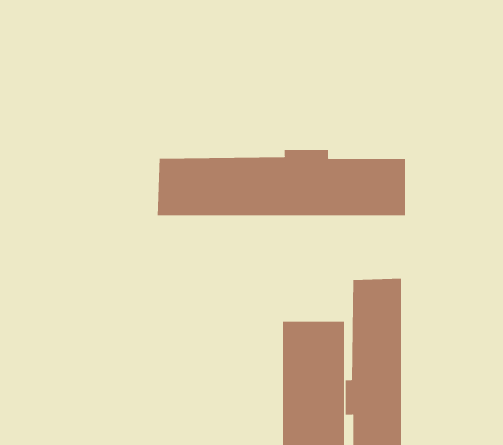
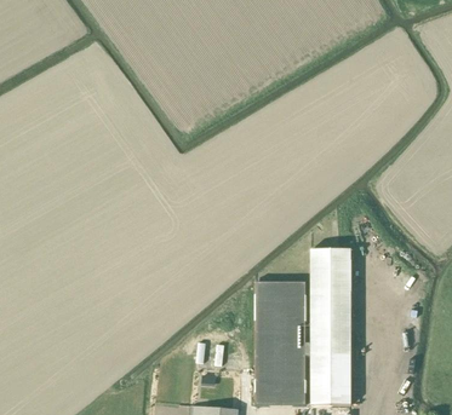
building: [157,149,406,216] -> none

